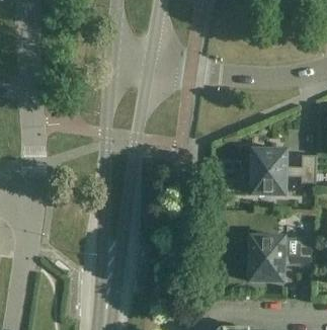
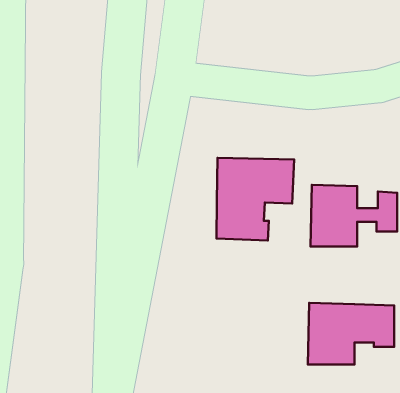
building: none -> [217,158,294,240]

